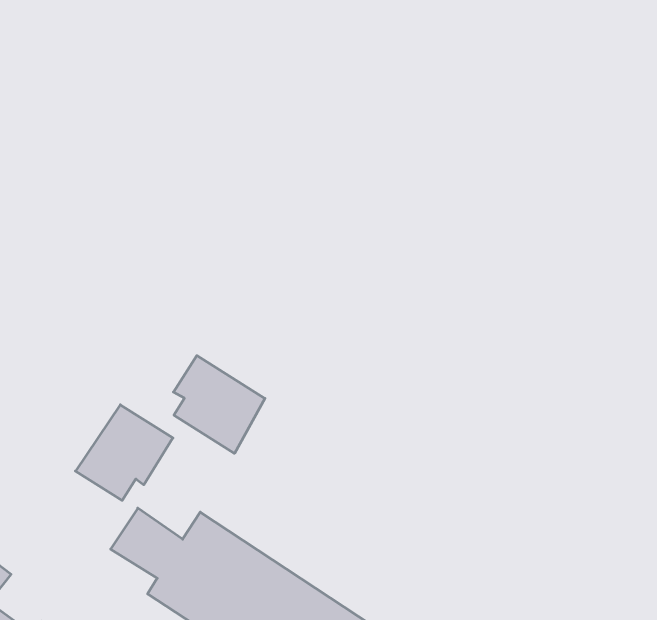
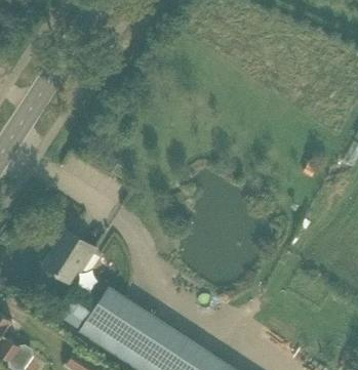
building: [173,356,265,453] -> none

